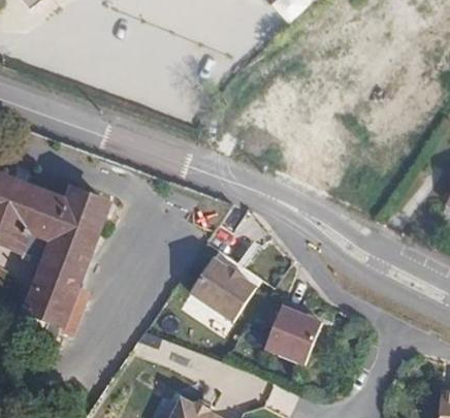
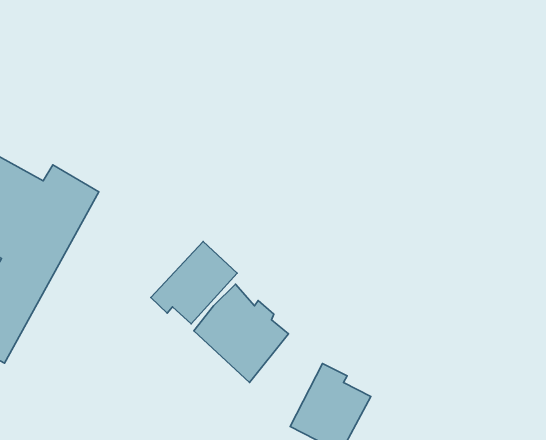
building: none -> [151,242,237,324]

